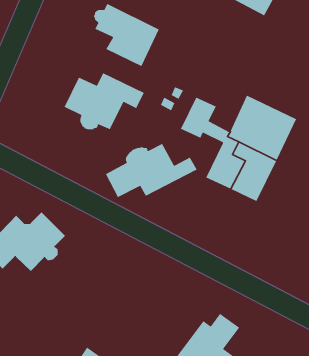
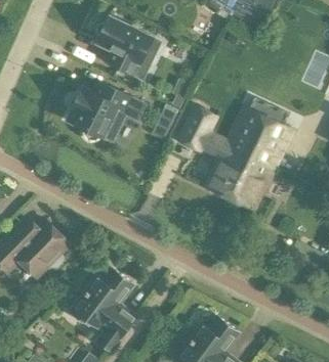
building: [105,143,198,198] -> none
building: none -> [72,269,136,351]

